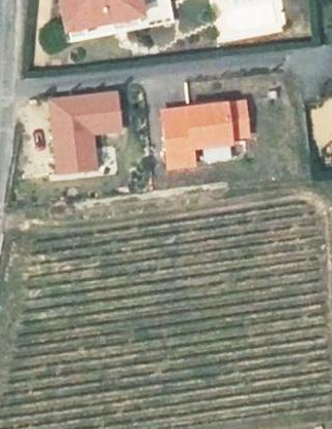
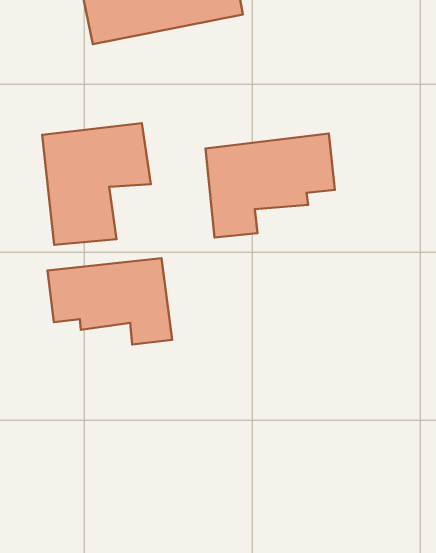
building: none -> [47,258,172,345]

